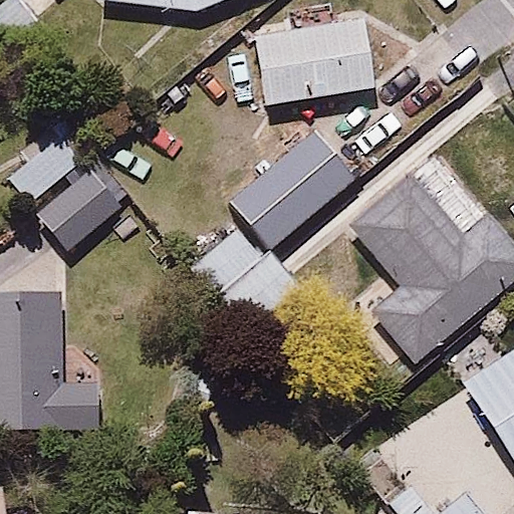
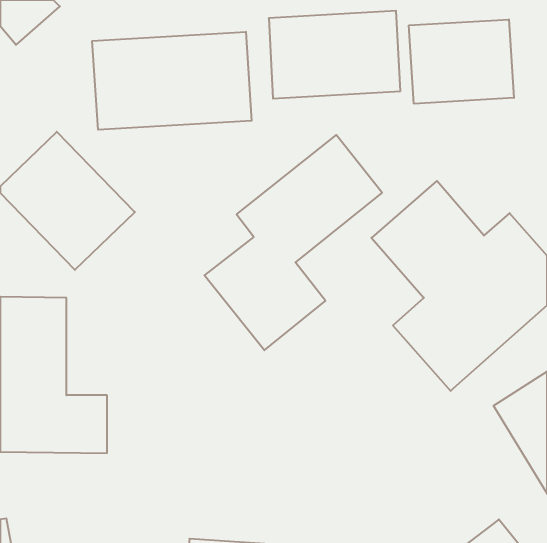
building: none -> [409,19,514,104]
building: none -> [92,32,252,130]

